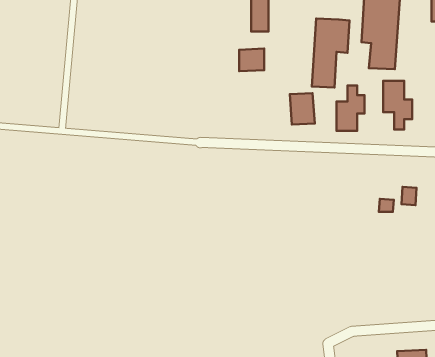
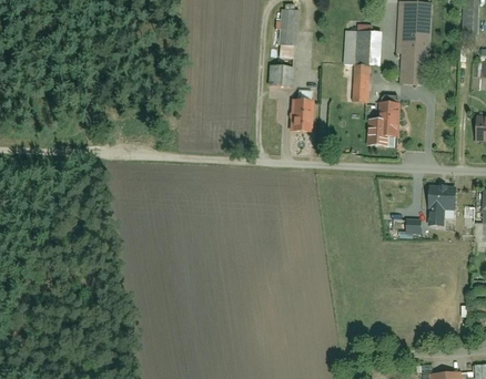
building: [383,81,412,130] -> none
building: [290,93,315,125] -> [287,98,313,130]
building: none -> [432,183,458,205]

